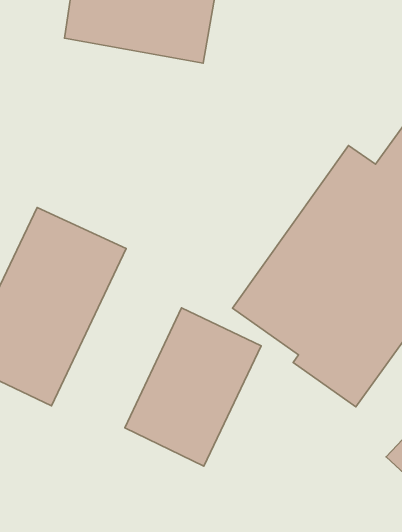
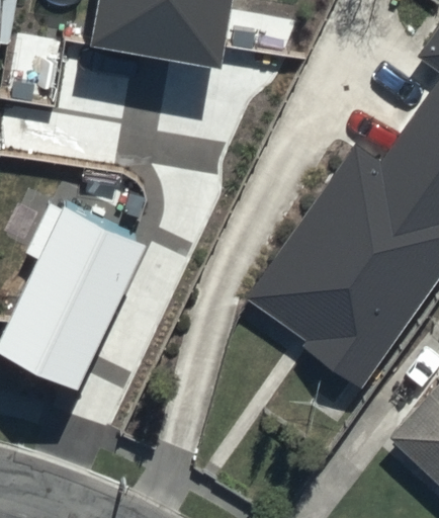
building: [125,308,261,466] -> none

